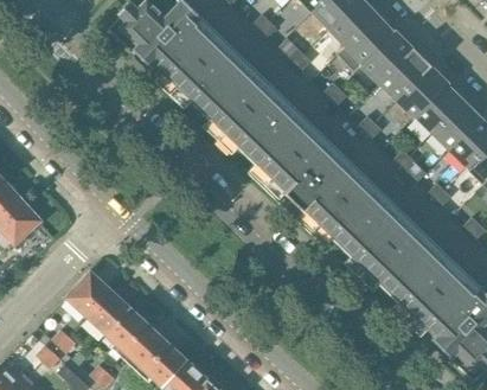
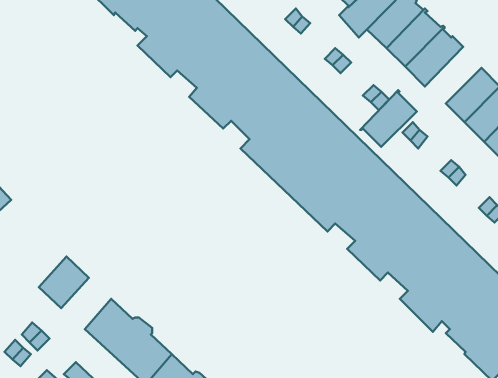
building: [414,82,464,133] -> [360,90,417,147]
building: [86,289,132,335] -> none

